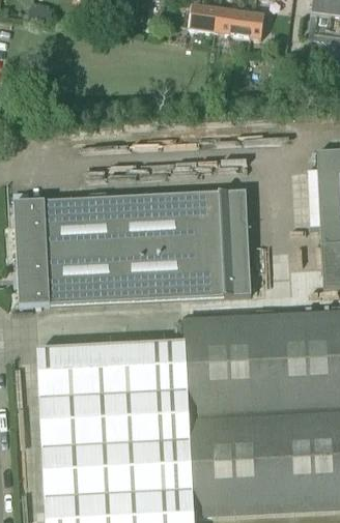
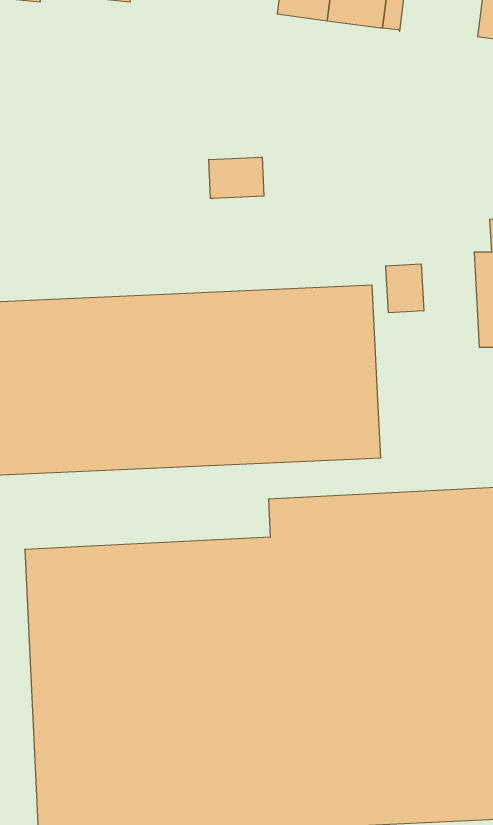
building: none -> [209,157,264,199]
building: none -> [386,264,424,313]

